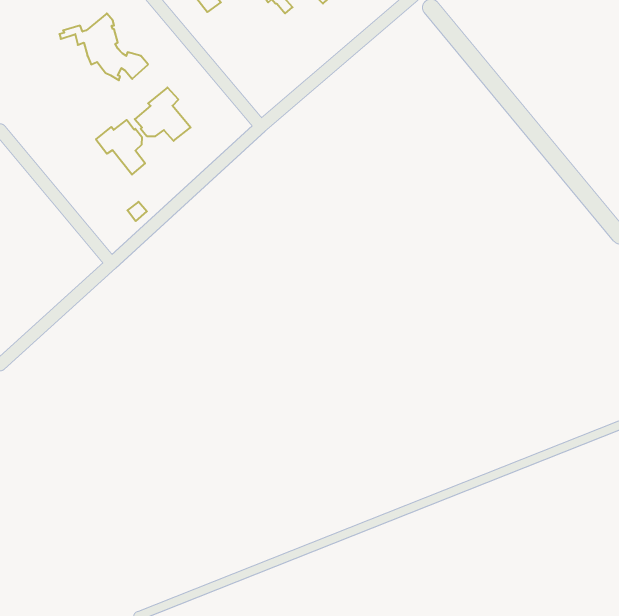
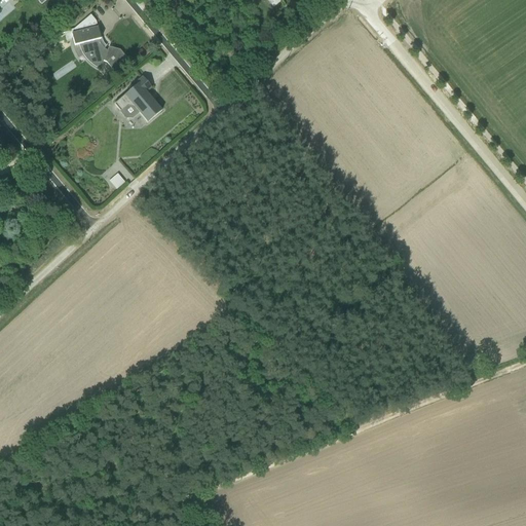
building: [96,120,145,175] -> none

